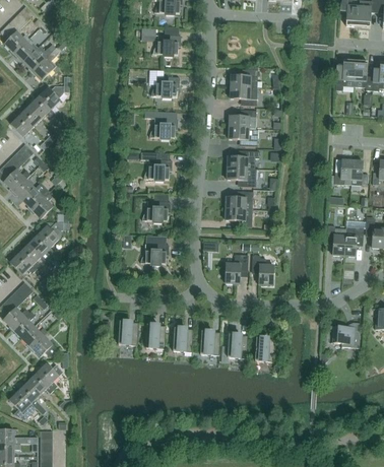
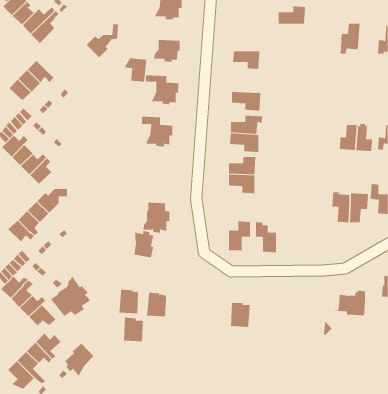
building: [354,60,373,90] -> none
building: [230,69,258,87] -> [277,6,306,24]
building: [38,76,70,110] -> [86,24,119,58]
building: none -> [124,57,147,82]
building: [229,110,256,128] -> none
building: [142,201,171,223] -> none
building: none -> [134,230,154,258]
building: none -> [50,275,91,317]
building: [173,327,193,351] -> [123,317,144,342]
building: [200,330,220,355] -> none
building: [255,337,275,361] -> none
building: none -> [65,343,94,377]

